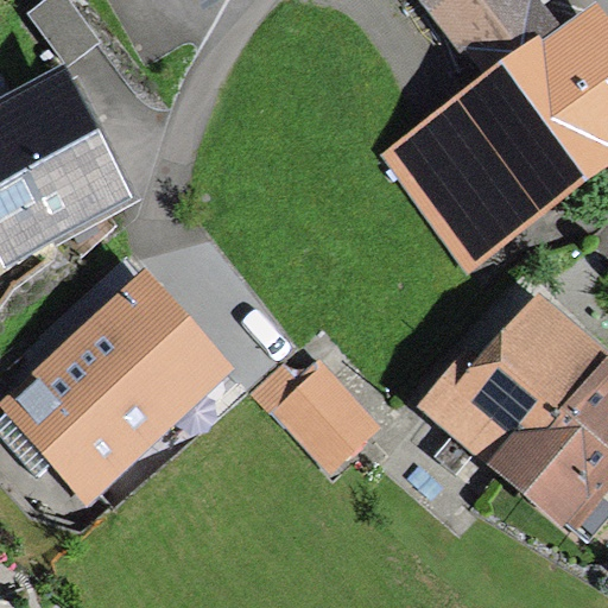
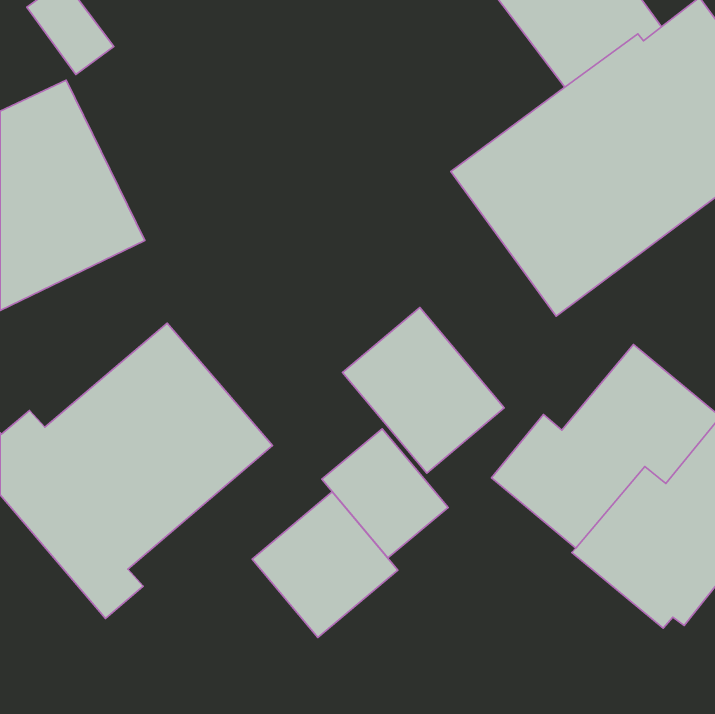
building: none -> [343,307,504,473]
building: none -> [252,492,398,637]

